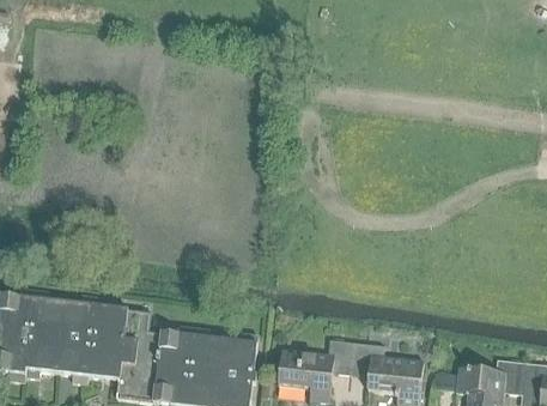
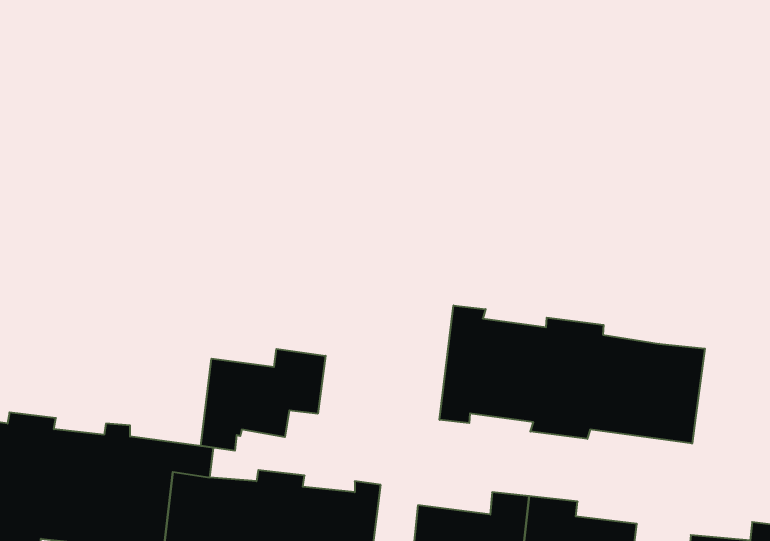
building: none -> [440,305,705,444]
building: none -> [201,349,326,451]

